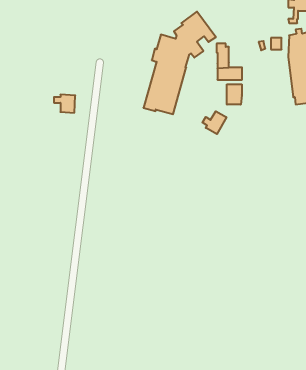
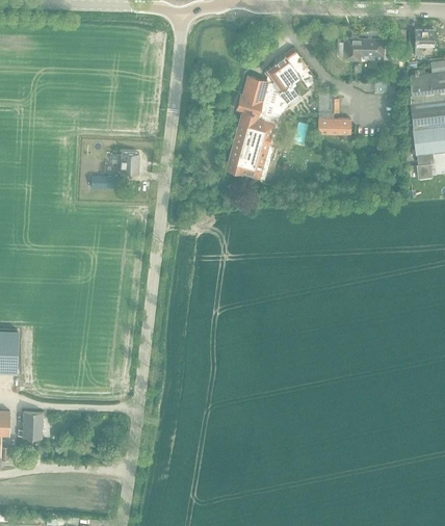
building: none -> [343,41,384,63]
building: [227,84,242,105] -> none
building: [202,111,226,134] -> none

